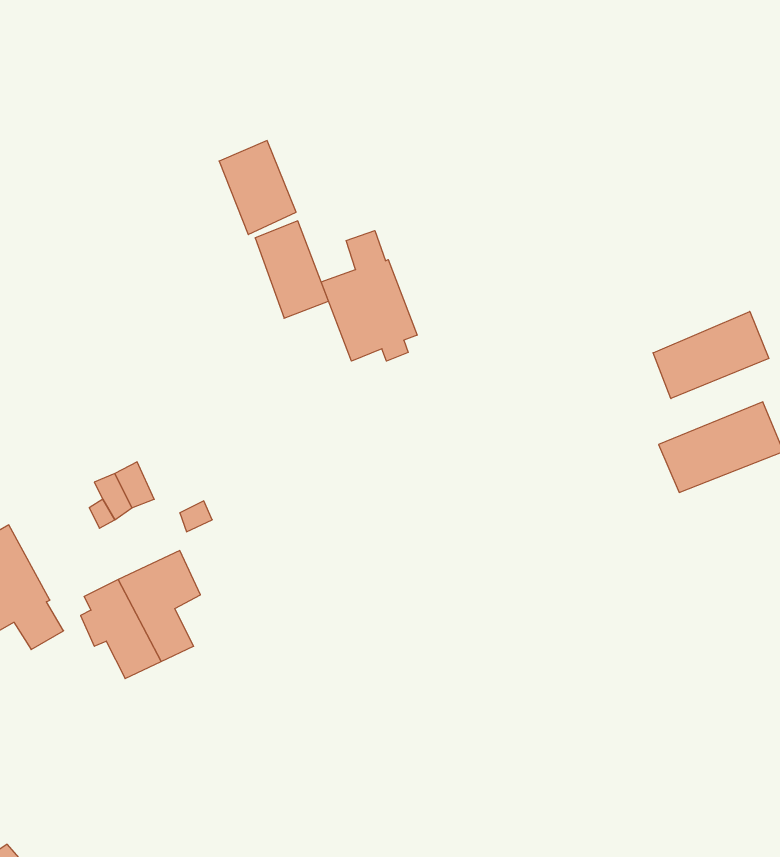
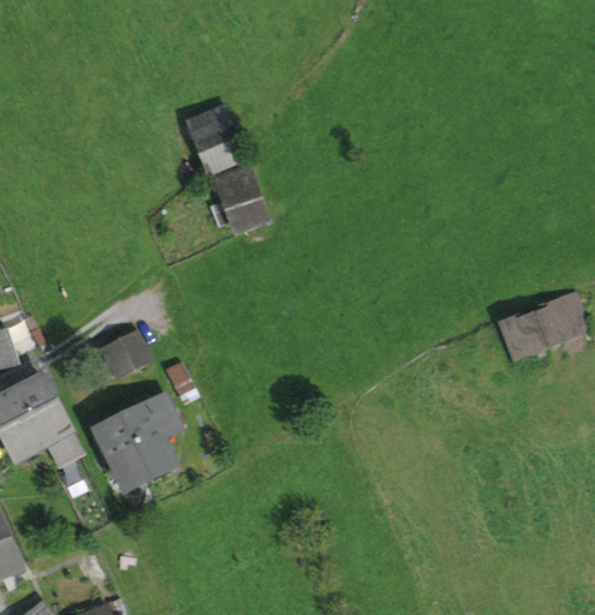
building: [321,231,417,361] -> none
building: [653,311,769,399] -> none

